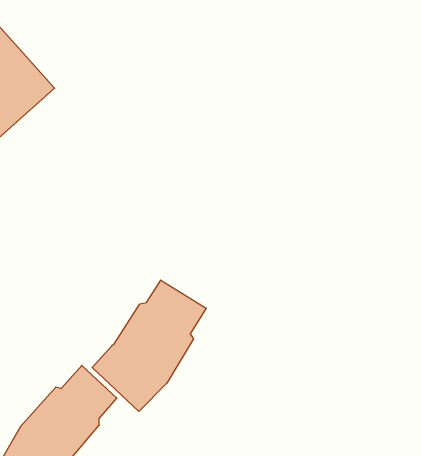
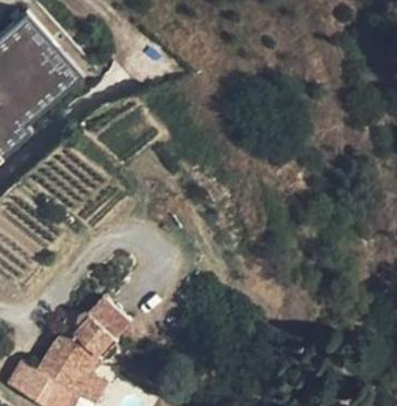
building: [92,280,206,411] -> none

